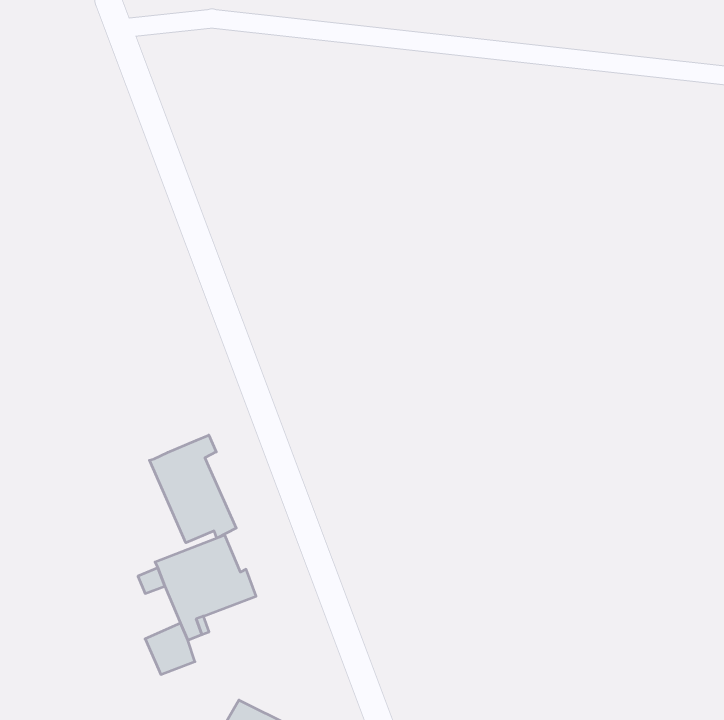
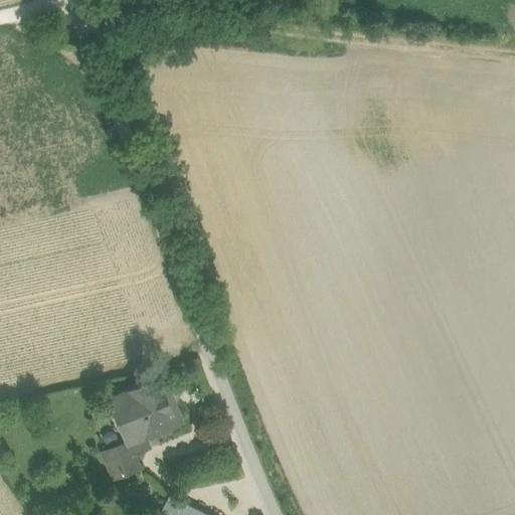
building: [149,435,236,543] -> none

